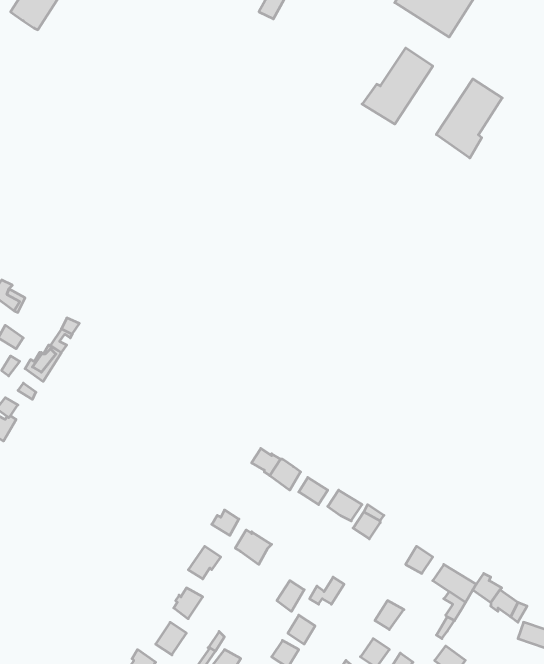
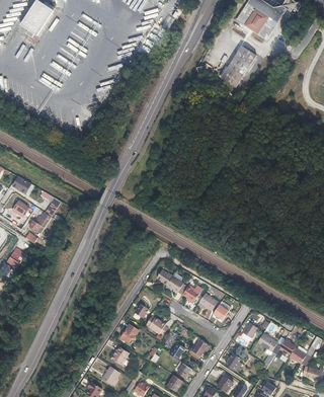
building: [436,79,502,158] -> none

